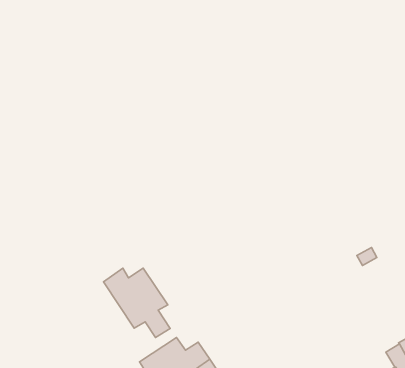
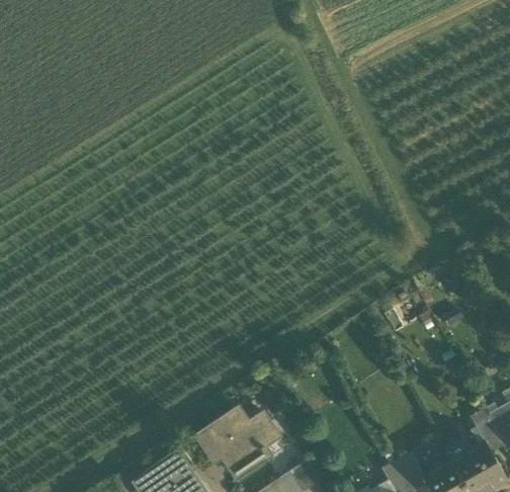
building: [103,268,170,338] -> none

